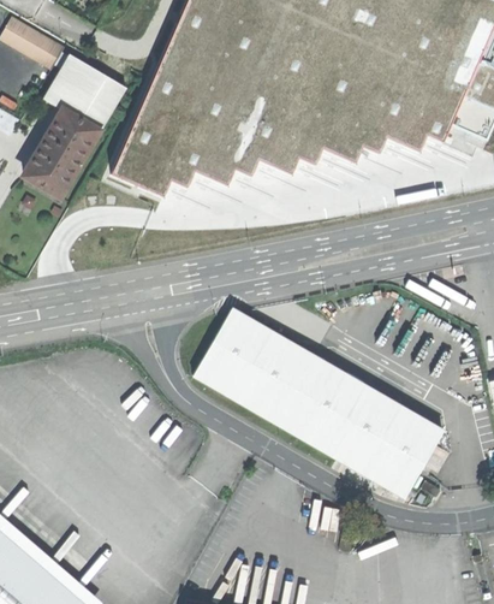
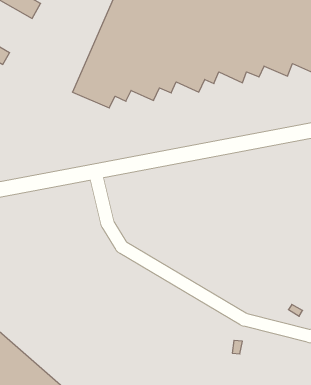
building: [23,54,126,196] -> none
building: [192,308,442,498] -> none

